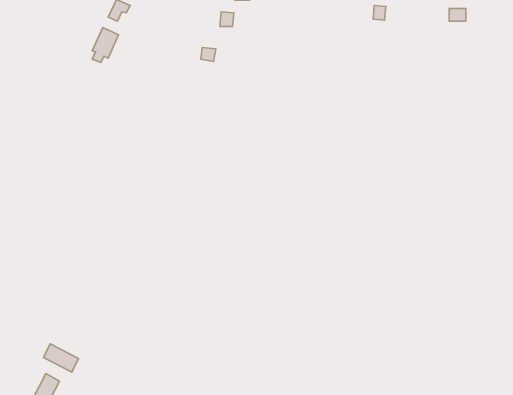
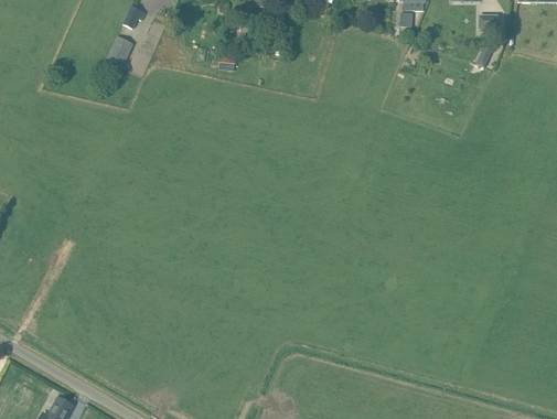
building: [43,344,79,372] -> none

